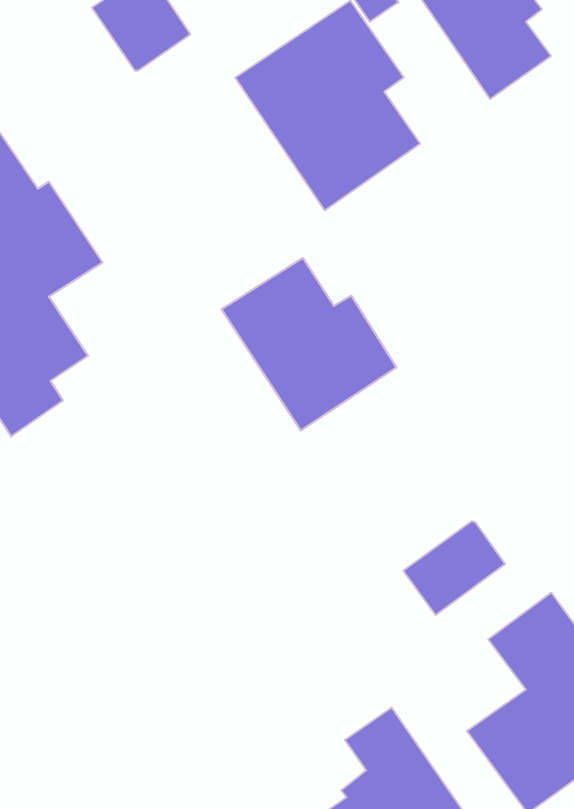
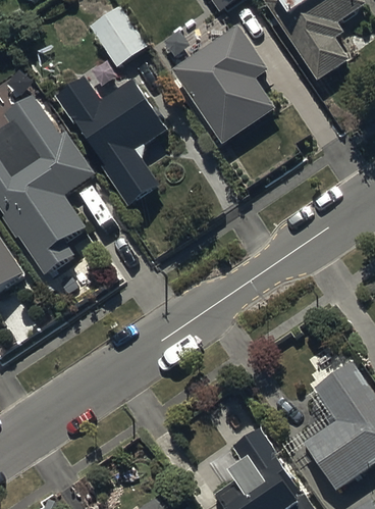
building: none -> [55,77,166,204]
building: [221,258,397,431] -> none
building: [403,521,505,615] -> none

